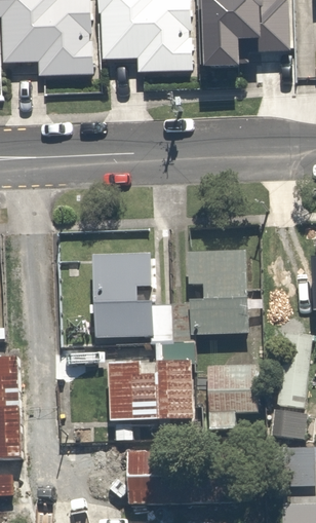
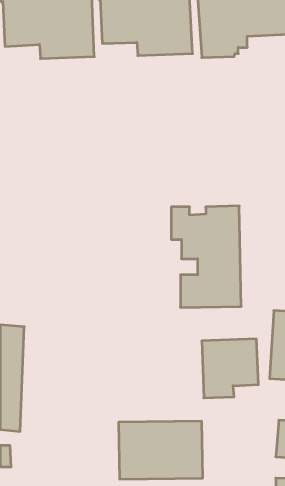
building: [89,253,172,336] -> none
building: [106,340,194,418] -> none

